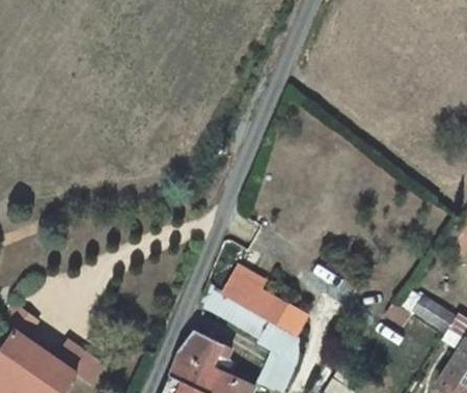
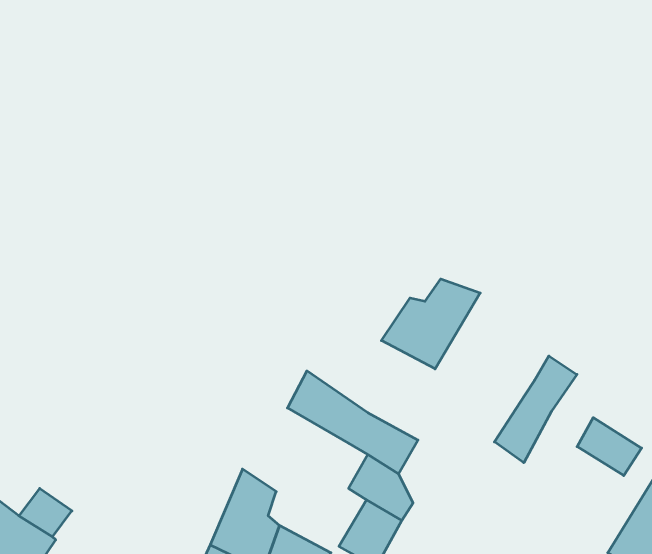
building: none -> [381,279,480,369]
building: none -> [494,356,577,463]

